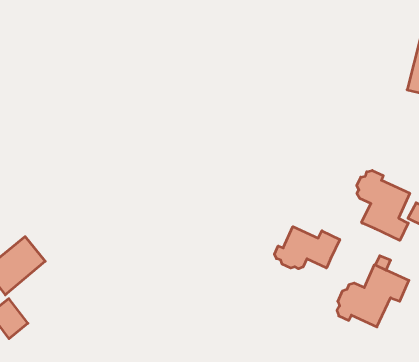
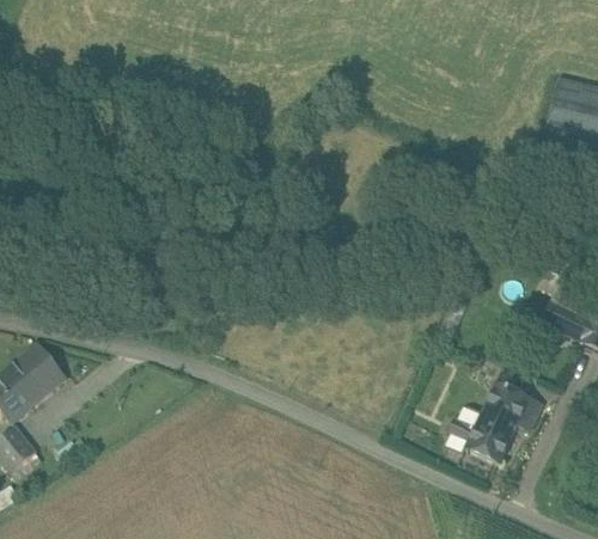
building: [357,170,410,240] -> none
building: [274,227,340,269] -> none

